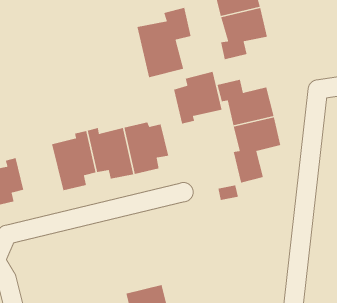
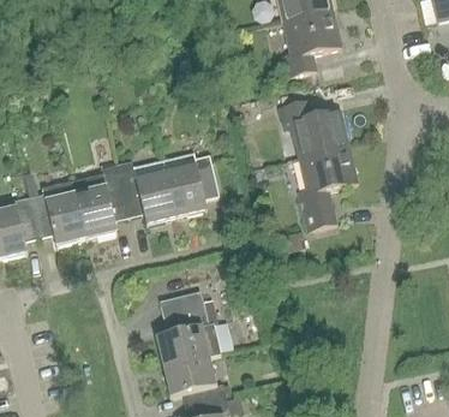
building: [136,7,192,78] -> none
building: [173,71,223,124] -> none
building: none -> [29,180,86,246]
building: none -> [157,290,221,365]

